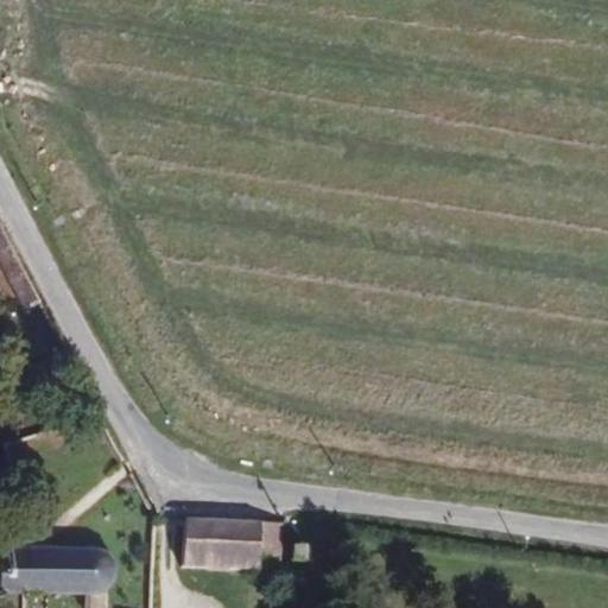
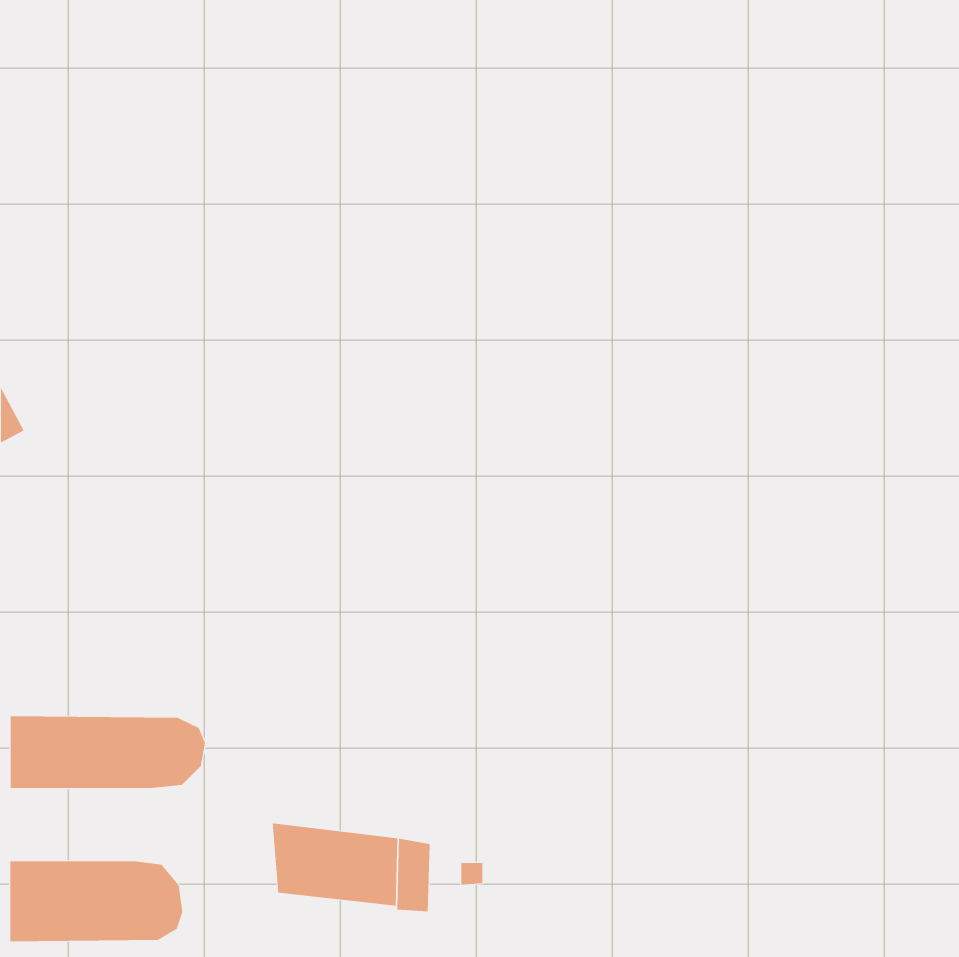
building: none -> [10,716,206,789]

